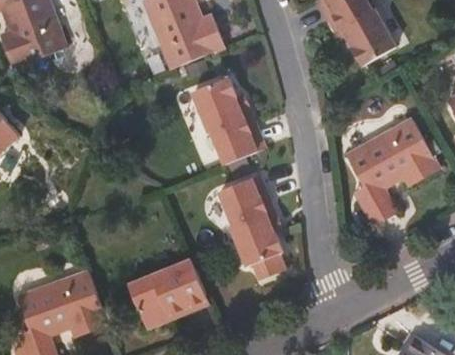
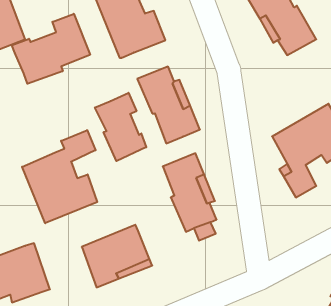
building: none -> [12,14,90,84]
building: none -> [95,93,146,161]
building: none -> [22,130,97,223]

